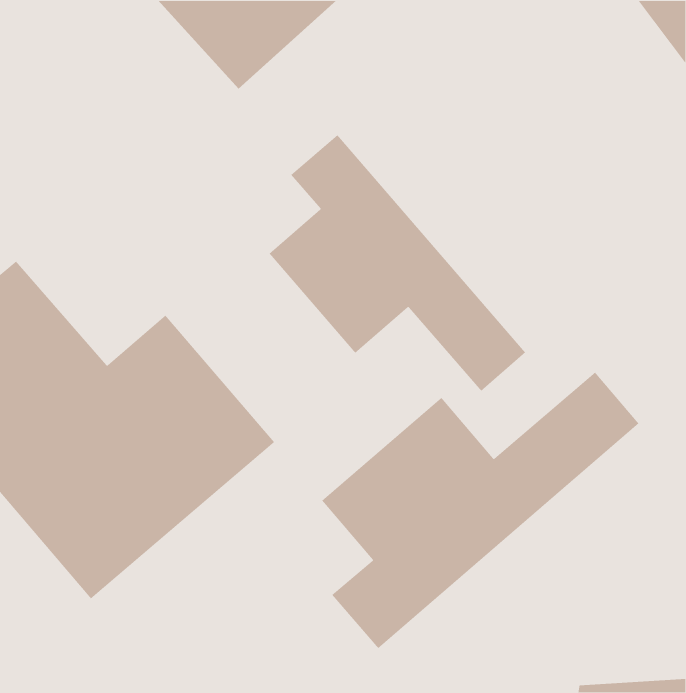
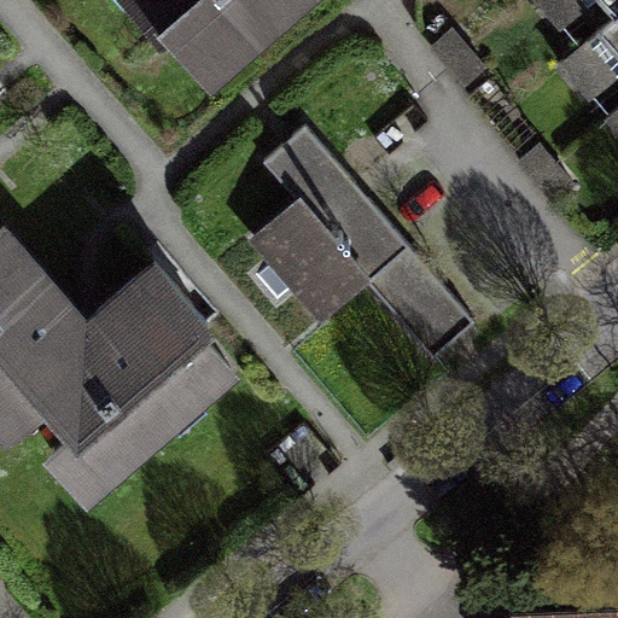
building: [321,371,639,649] -> none

